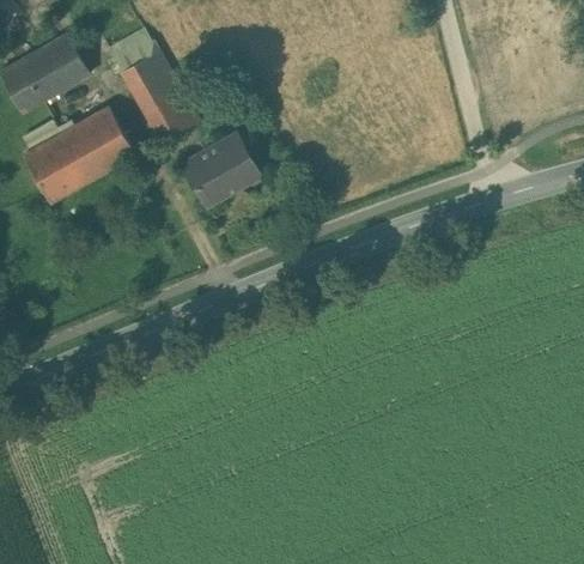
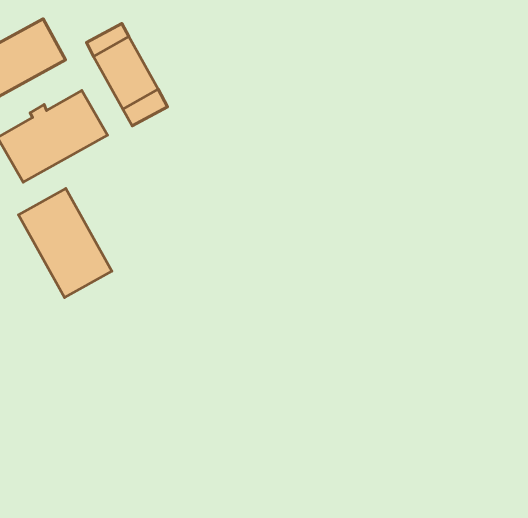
building: [180,135,260,207] -> none
building: none -> [19,188,112,297]

